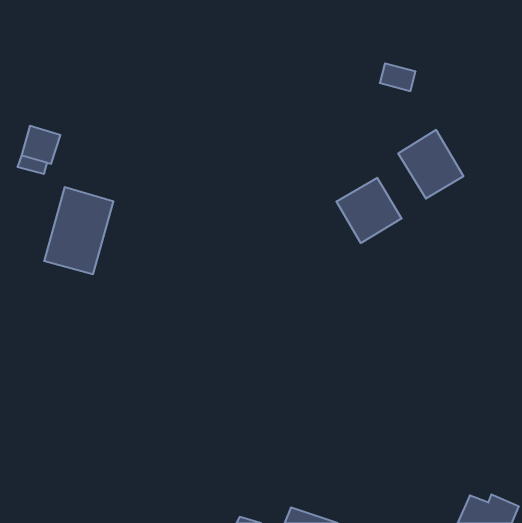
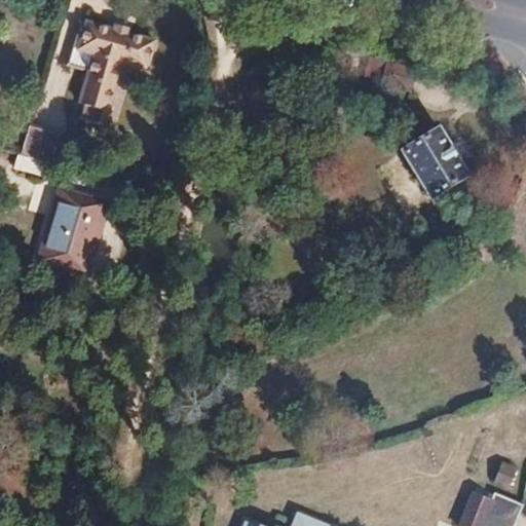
building: none -> [77,24,154,112]
building: [336,178,402,243] -> none

